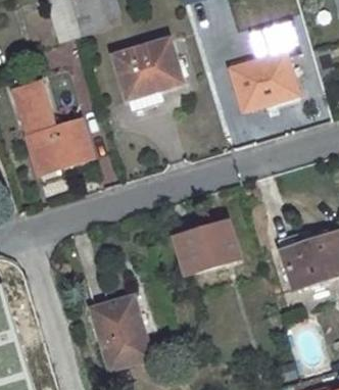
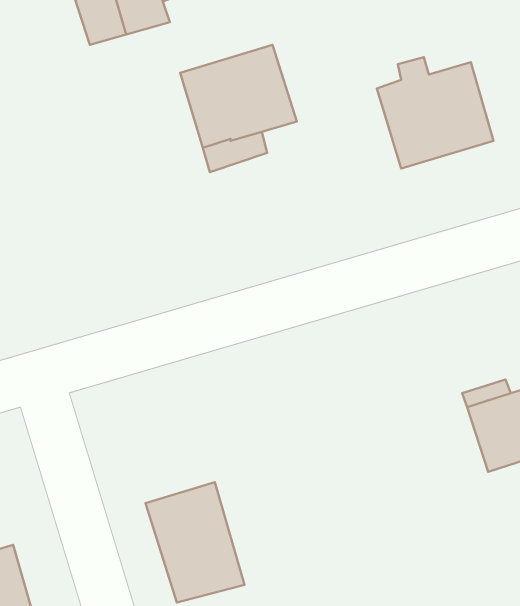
building: [12,82,91,175] -> none
building: [177,224,239,274] -> none

